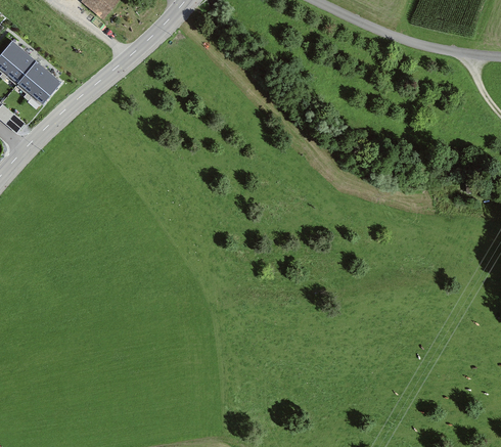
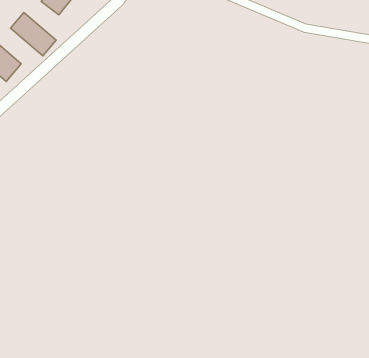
building: none -> [10,13,56,56]

